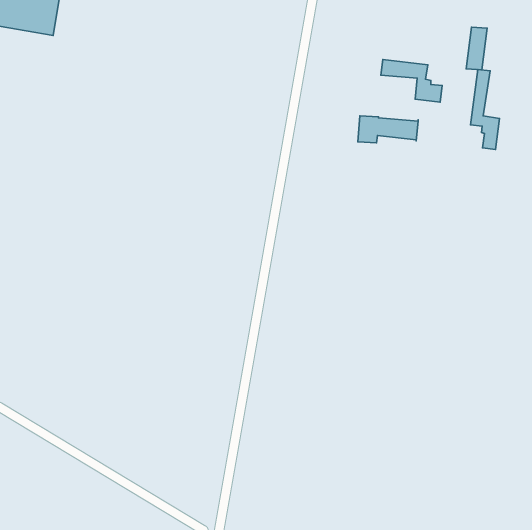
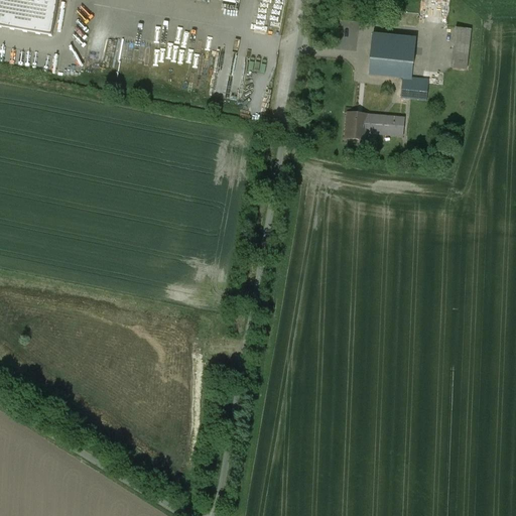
building: none -> [369,31,416,62]
building: [471,70,499,149] -> none

